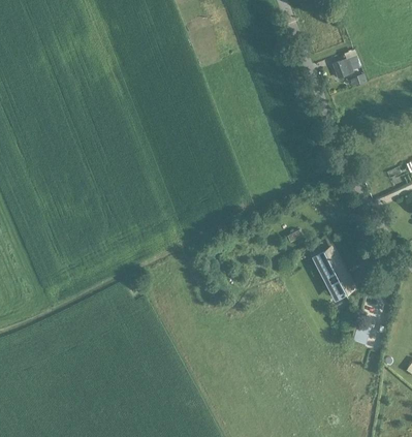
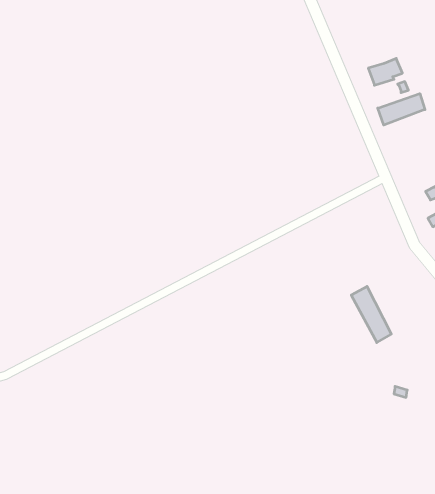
building: none -> [378,94,425,125]

